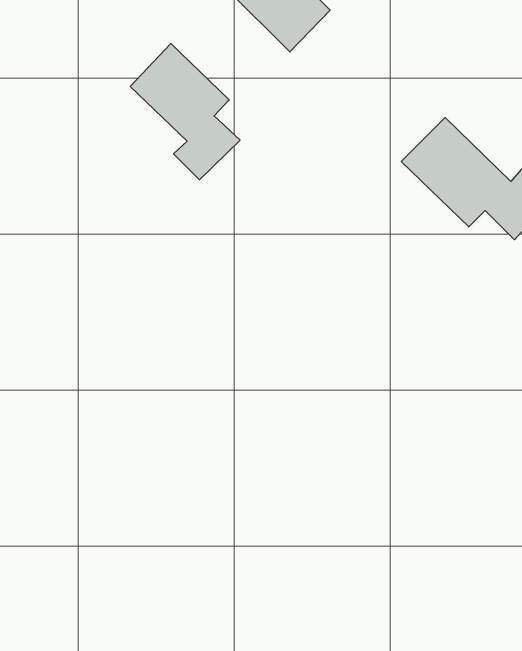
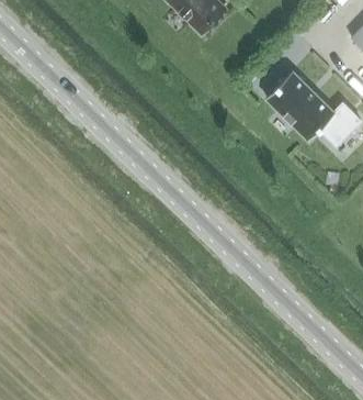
building: [130,44,240,180] -> none

